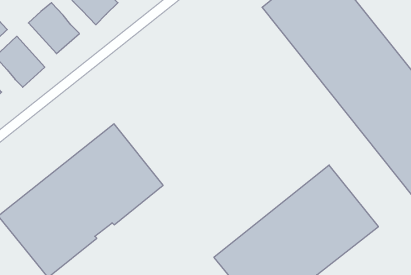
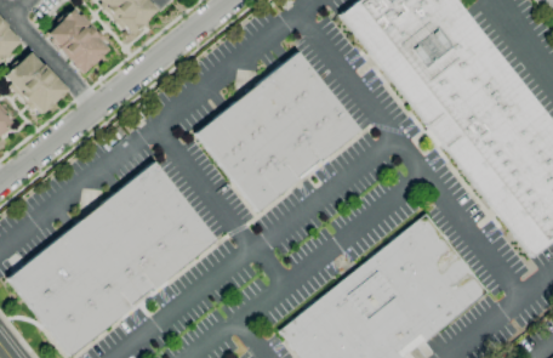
building: none -> [195,52,360,212]

